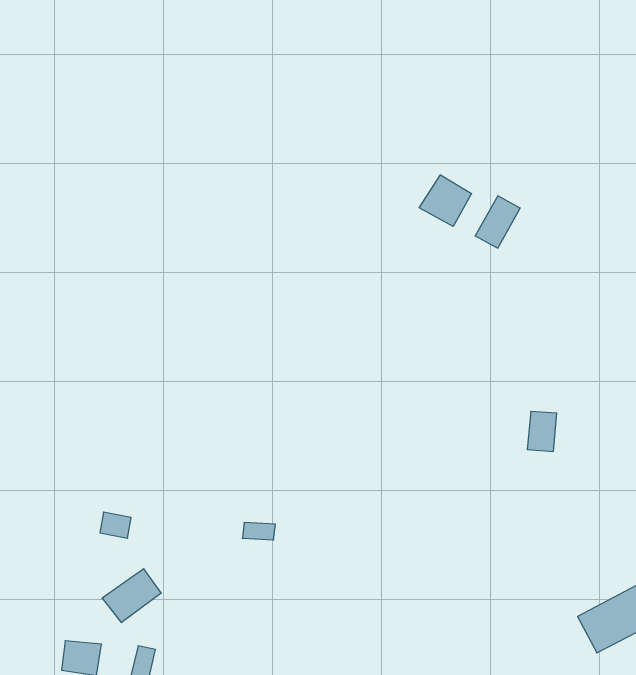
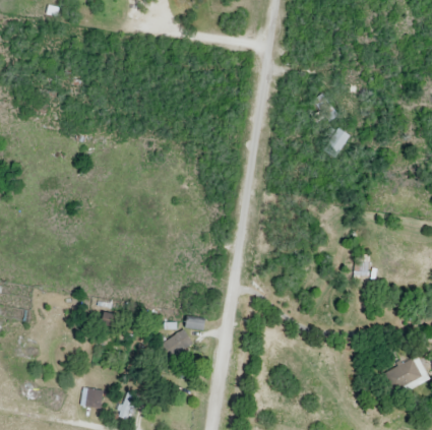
building: [419,175,472,226] -> none
building: [102,569,161,623] -> [159,329,193,361]

